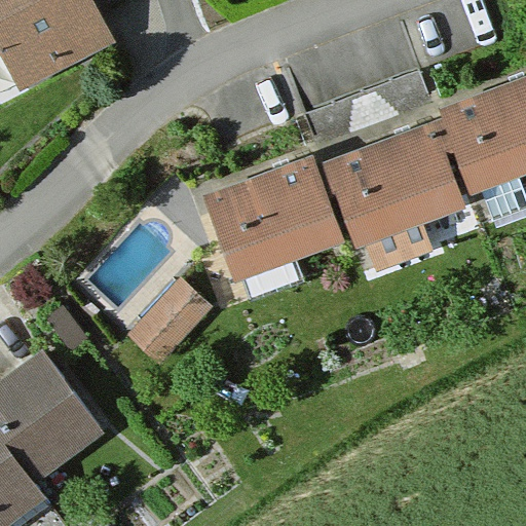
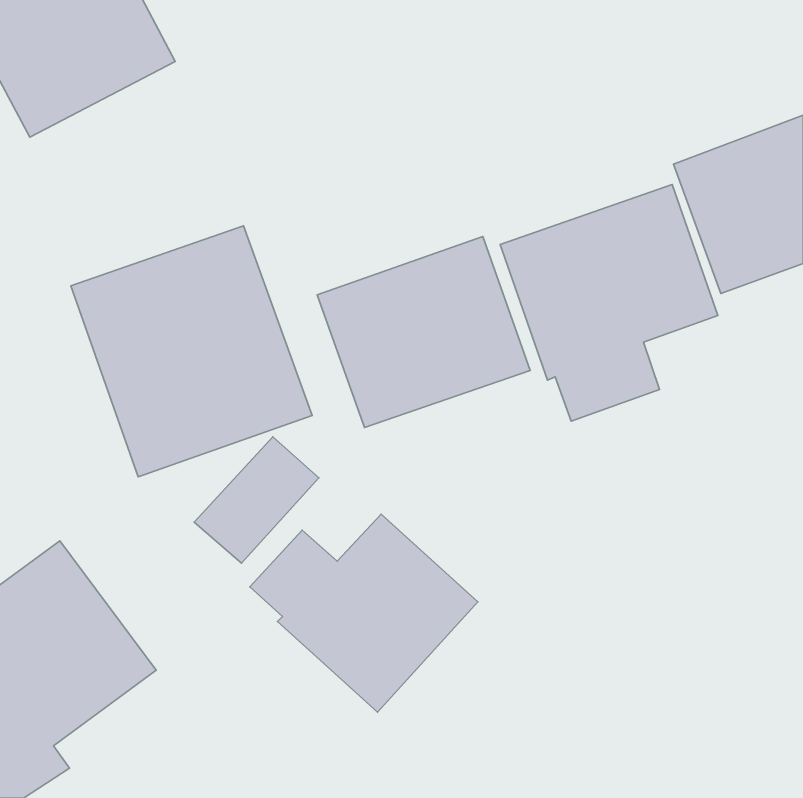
building: none -> [71,226,312,477]
building: none -> [250,514,478,712]

